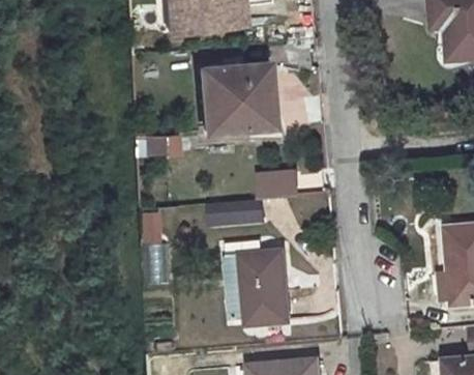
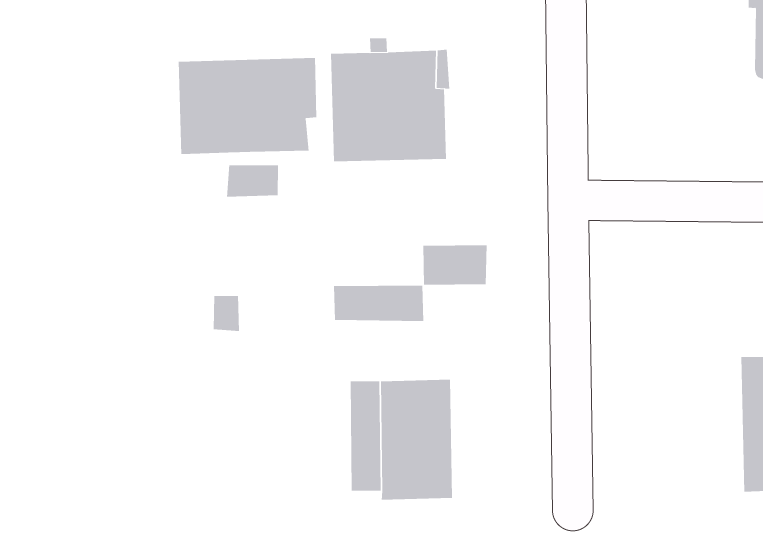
building: none -> [178,57,317,155]

